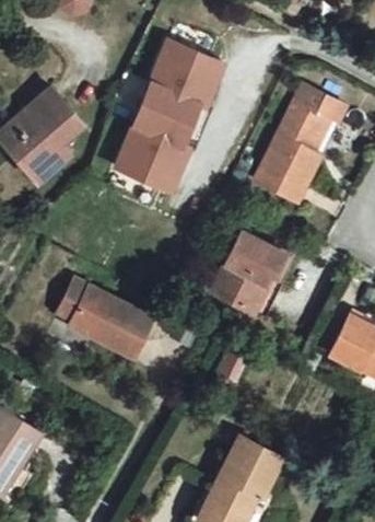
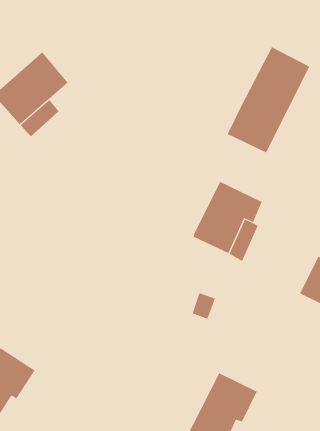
building: [118,48,215,179] -> none
building: [67,282,153,357] -> none

